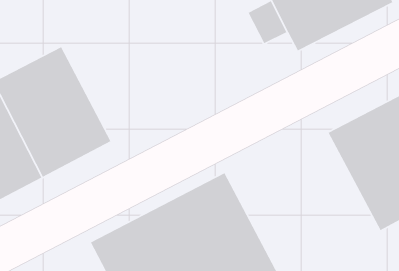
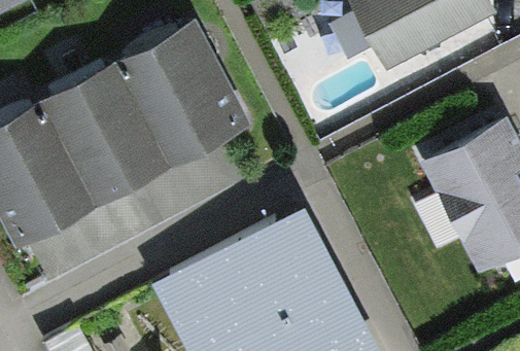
building: none -> [118,20,255,170]

